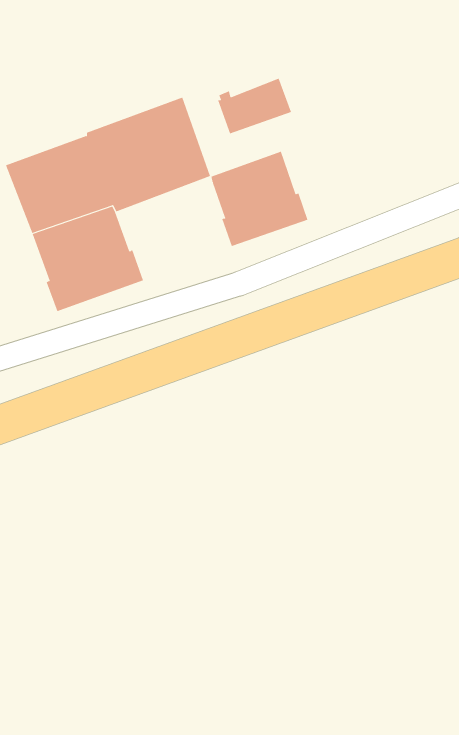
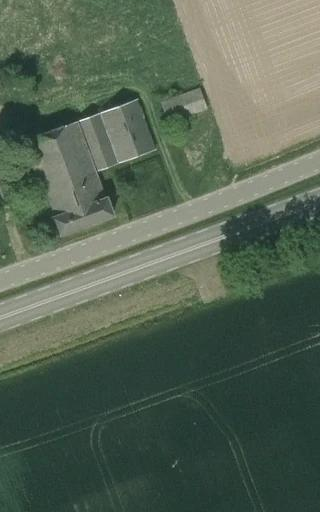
building: [211,151,308,247] -> none

